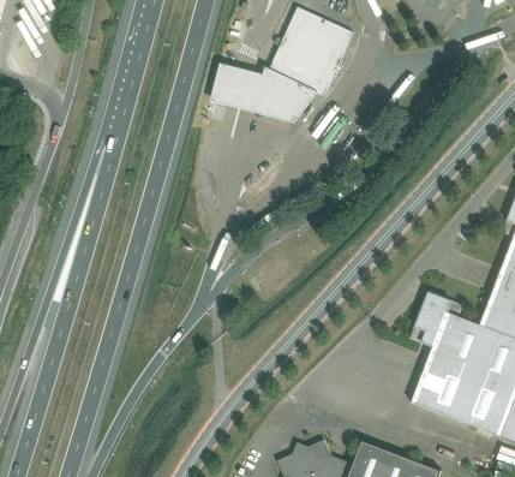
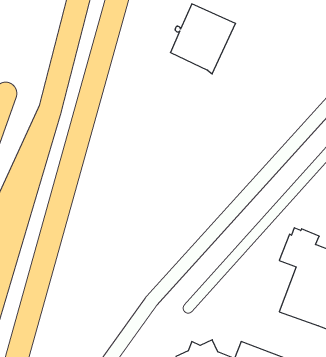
building: [211,65,318,126] -> none

